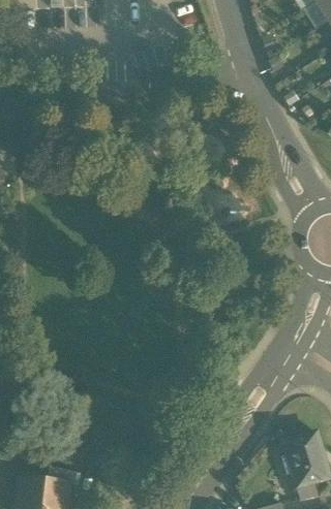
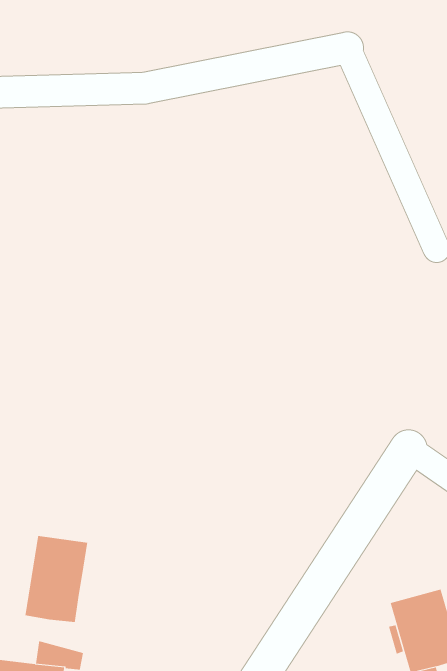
building: none -> [25,535,88,623]

